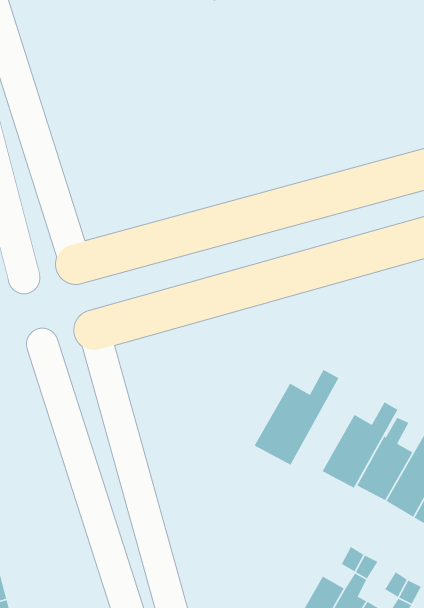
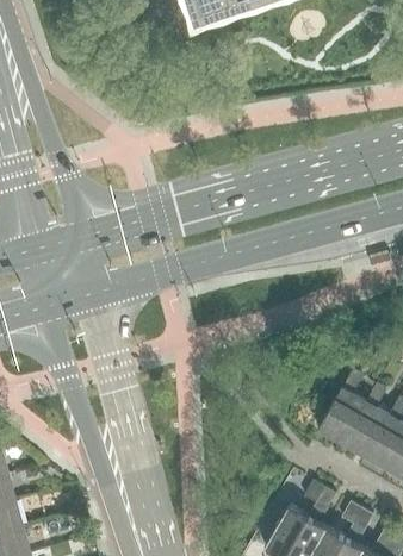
building: [253,369,339,466] -> none
building: [321,401,398,489] -> none

